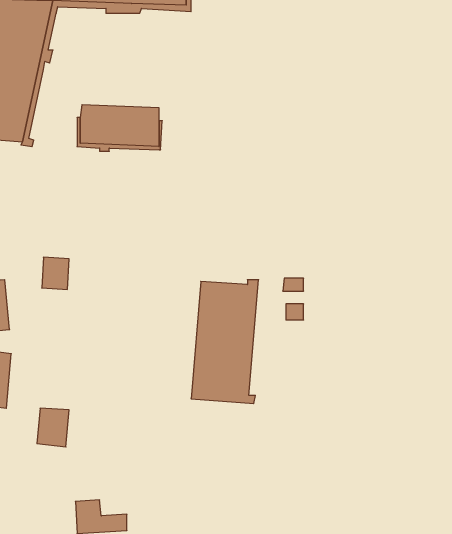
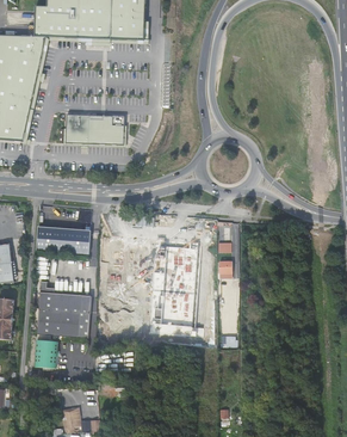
building: none -> [57,228,92,253]
building: none -> [38,281,91,337]

